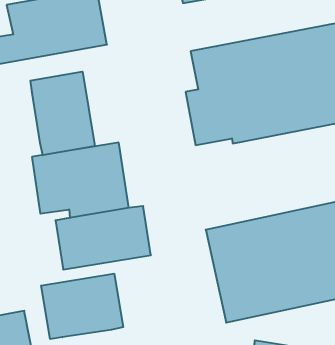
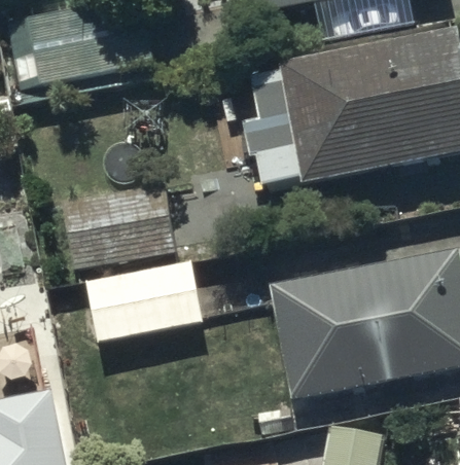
building: [30,72,95,155] -> none
building: [41,274,123,339] -> none

